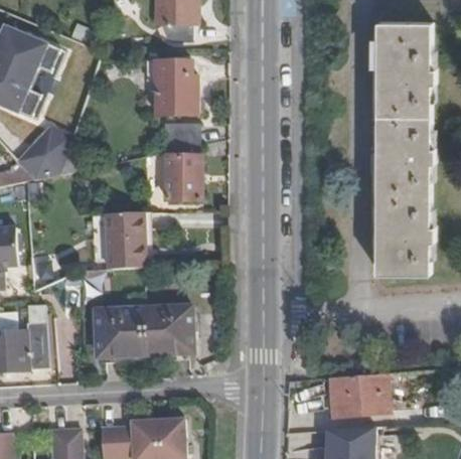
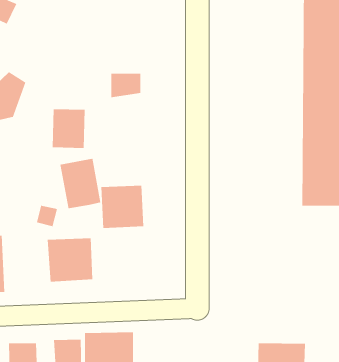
building: [146,64,195,116] -> none
building: [163,158,200,202] -> [52,109,85,148]
building: [142,308,190,356] -> [101,185,144,228]
building: [329,375,389,418] -> none

